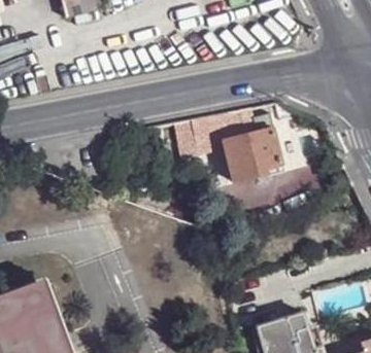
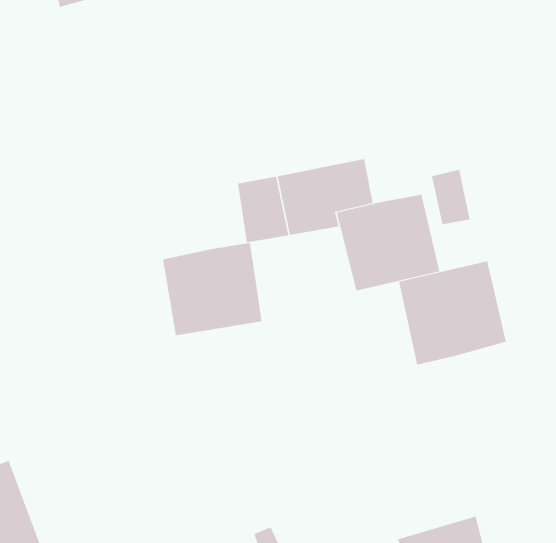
building: none -> [162,242,262,336]
building: none -> [398,260,507,365]

